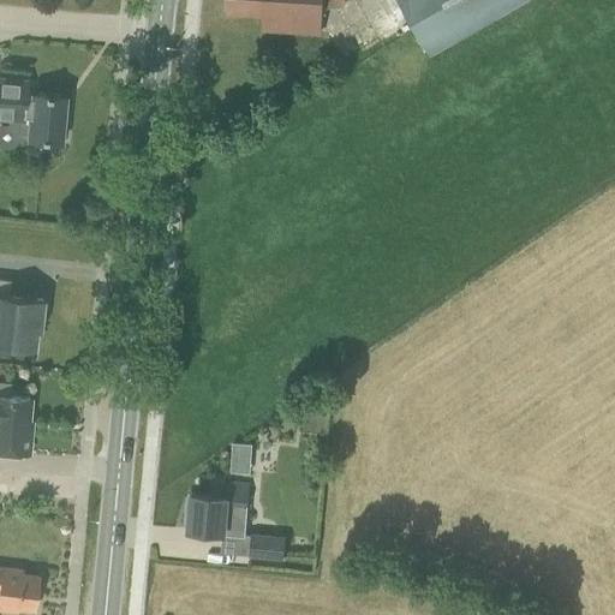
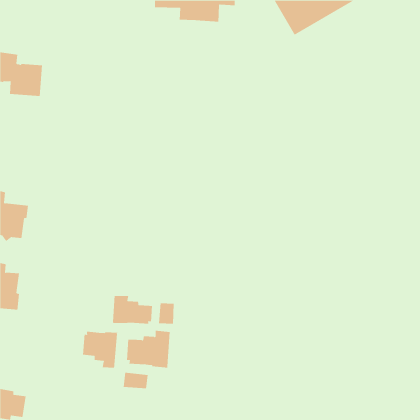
building: none -> [112,295,153,325]
building: none -> [82,331,118,368]
building: [247,536,285,560] -> [123,372,148,389]

